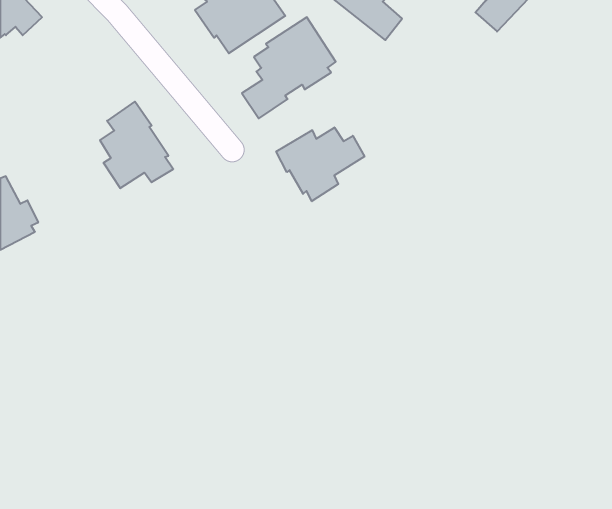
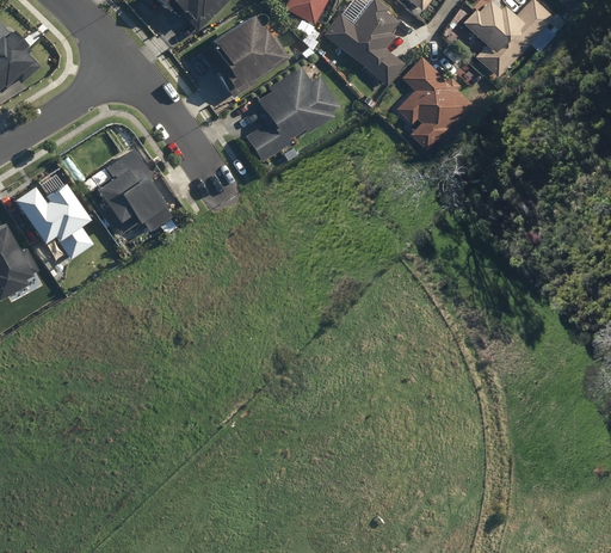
building: none -> [394,57,470,150]
building: [276,127,364,201] -> none
building: none -> [18,174,95,256]

